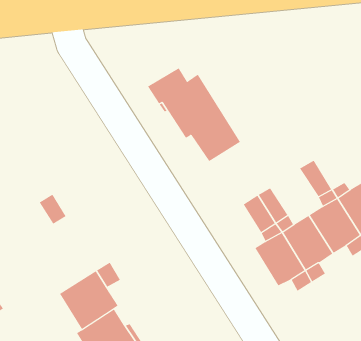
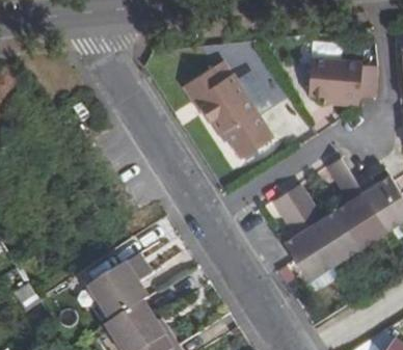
building: none -> [312,59,377,111]

